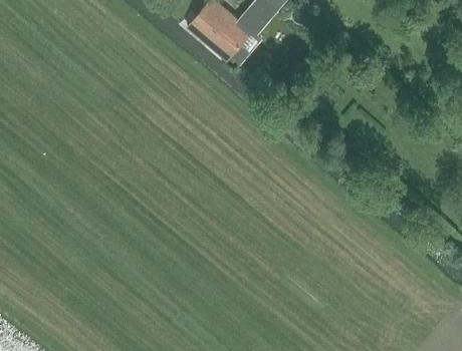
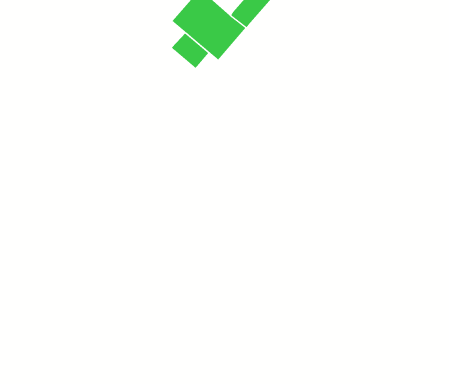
building: none -> [171,33,209,69]

